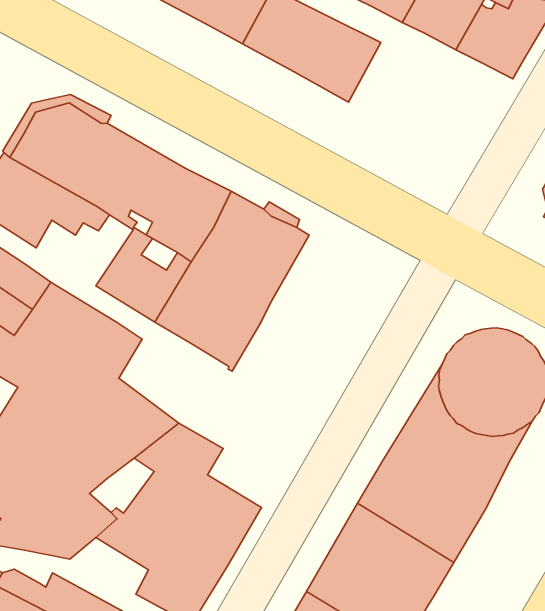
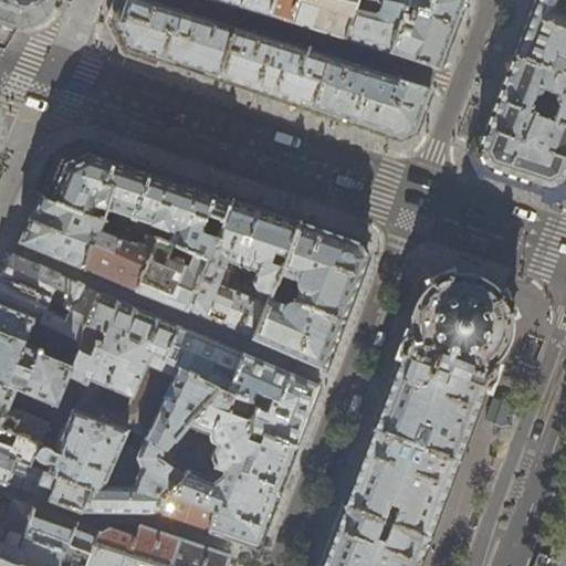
building: none -> [312,59,432,138]
building: none -> [82,233,157,292]
building: none -> [255,222,368,371]
building: none -> [166,328,321,447]
building: none -> [151,493,216,533]

